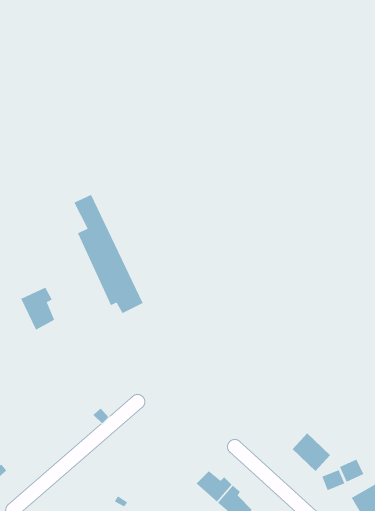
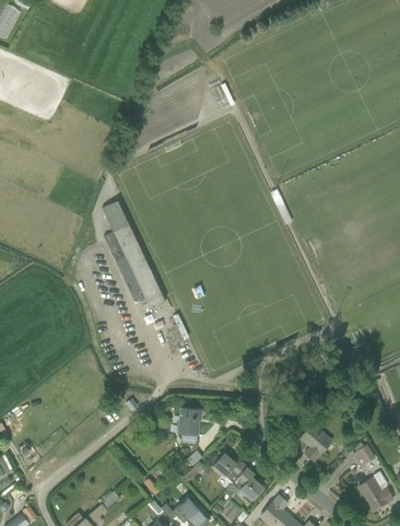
building: [21,287,55,331] -> none
building: none -> [177,408,201,445]

